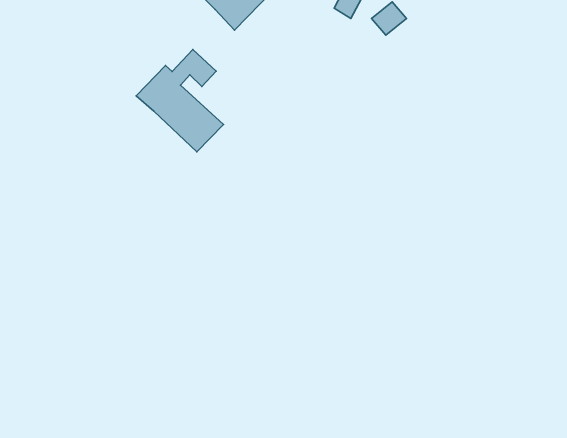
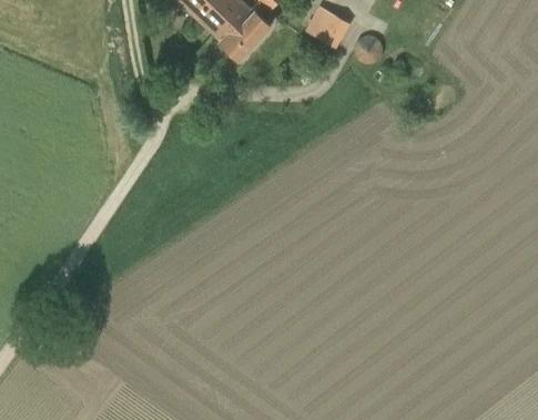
building: [136,49,223,152] -> none

